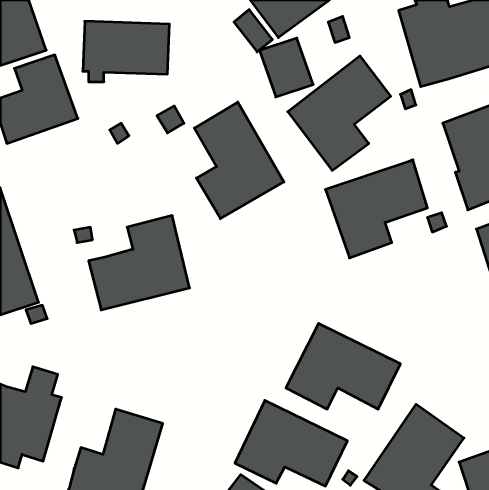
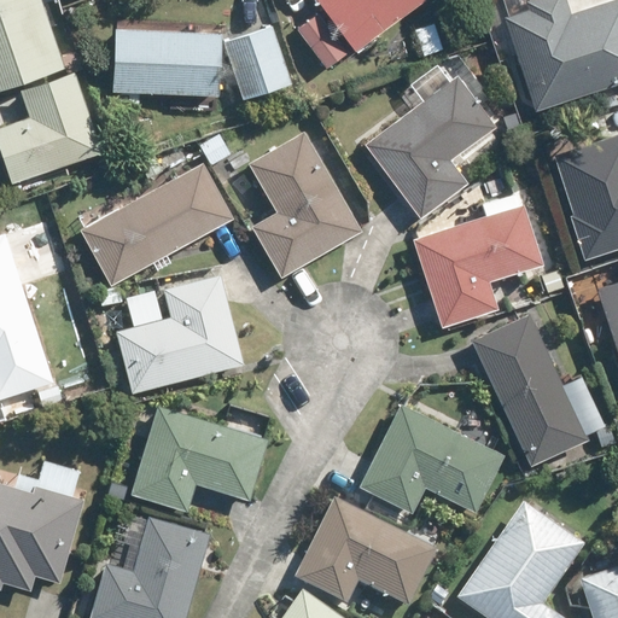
building: [259,38,313,97] -> [222,24,290,98]
building: none -> [78,162,231,285]
building: none -> [474,315,591,470]
building: none -> [130,406,266,511]

